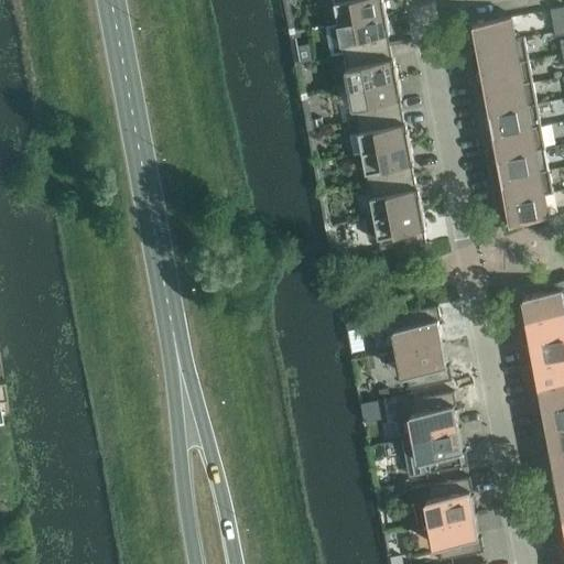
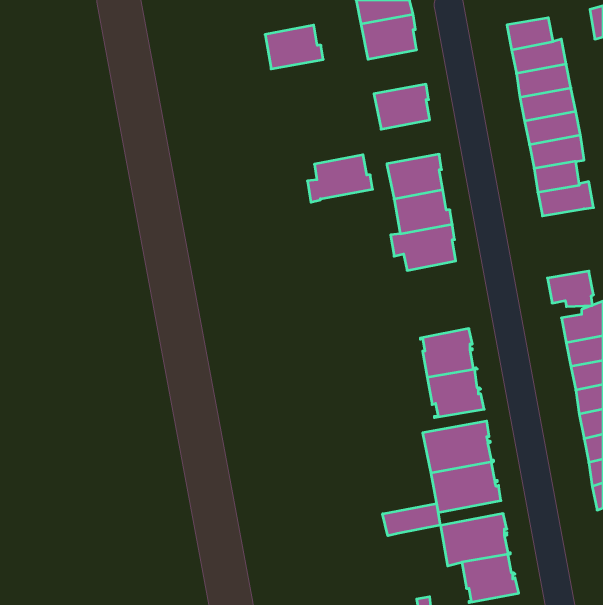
building: [341,47,395,88] -> [265,25,323,69]
building: [347,112,408,156] -> [307,155,373,202]
building: [503,195,546,228] -> [547,271,594,307]
building: none -> [383,504,440,536]

